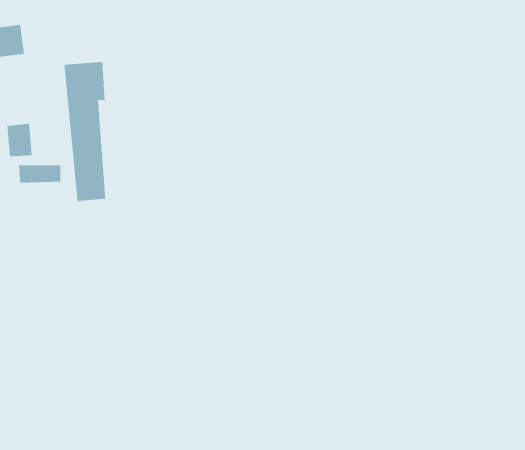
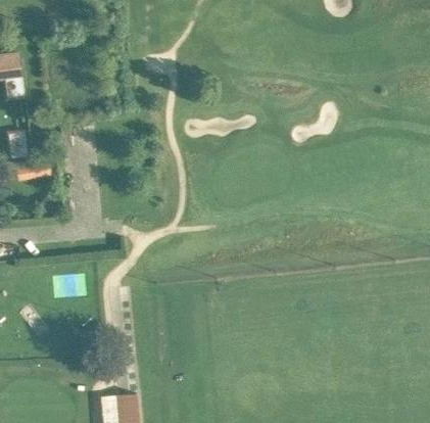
building: [64,61,106,202] -> none

